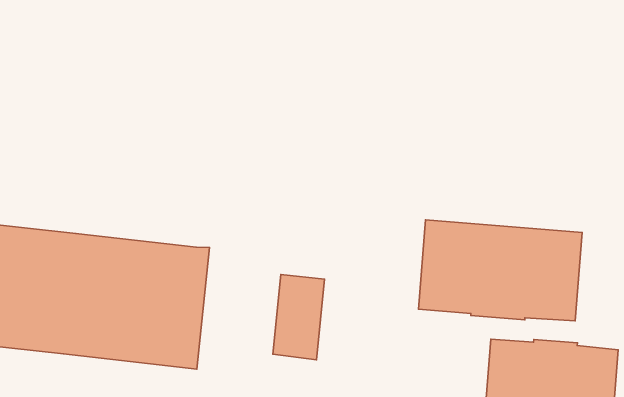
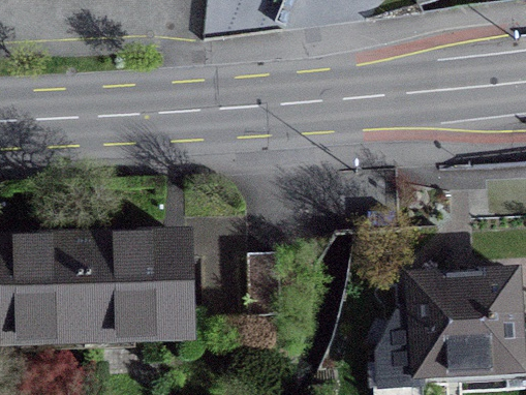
building: [419,220,582,321] -> none

